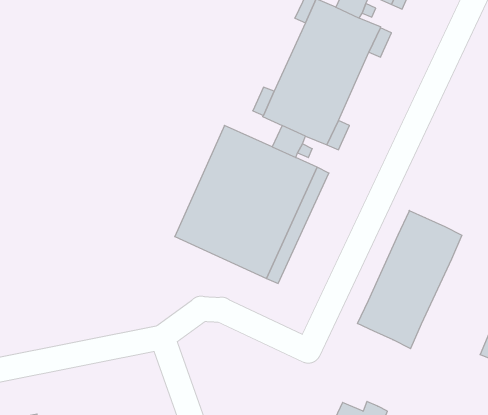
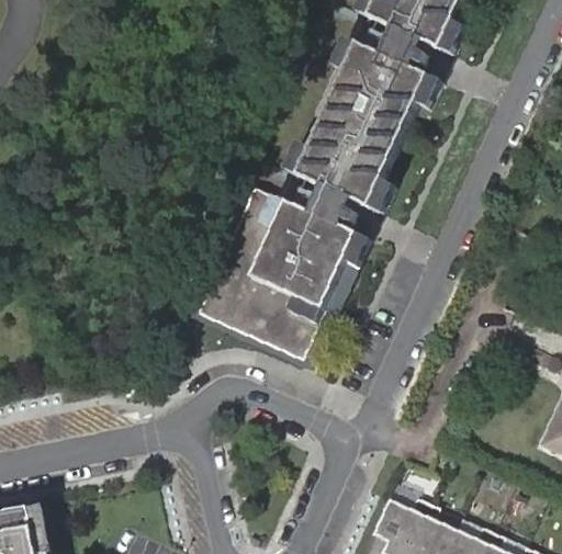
building: [358,210,462,349] -> none

